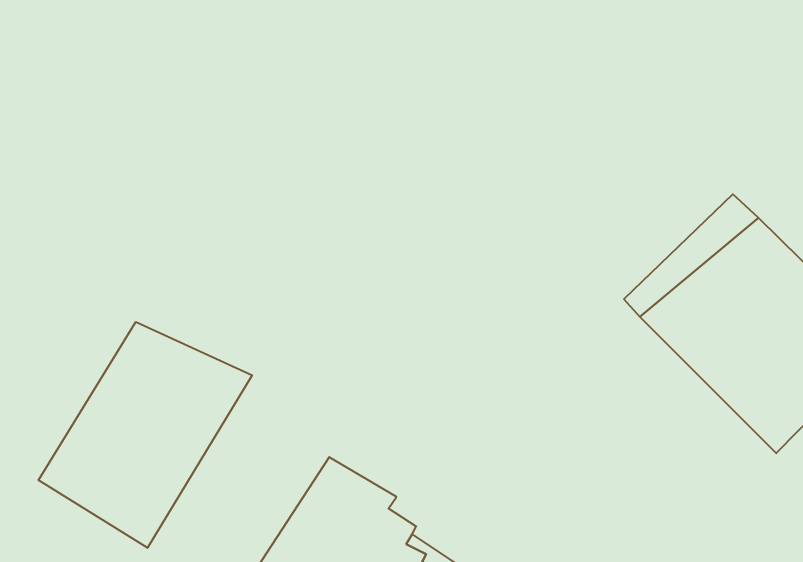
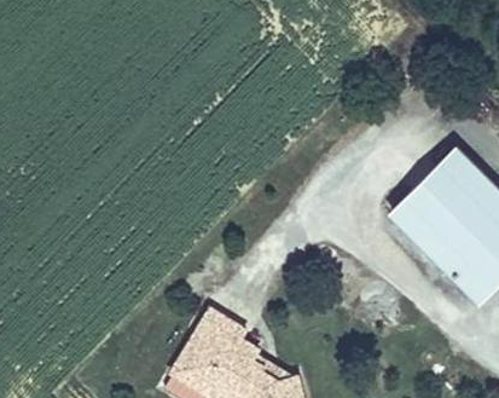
building: [39,322,252,548] -> none

